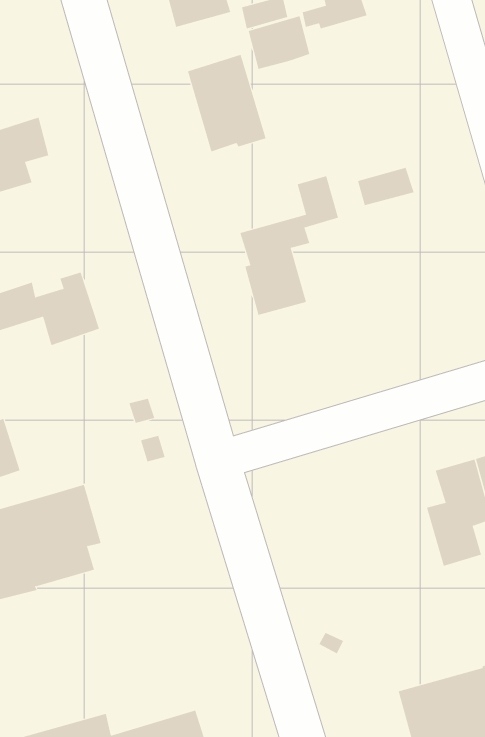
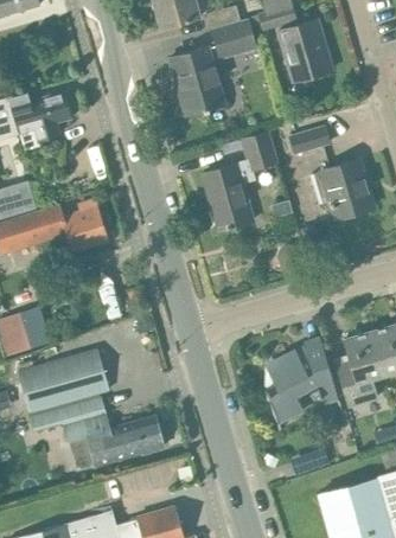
building: none -> [277,20,332,82]
building: none -> [309,160,372,219]
building: none -> [264,341,337,424]
building: none -> [62,410,164,470]

